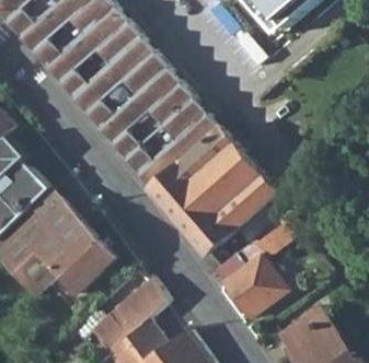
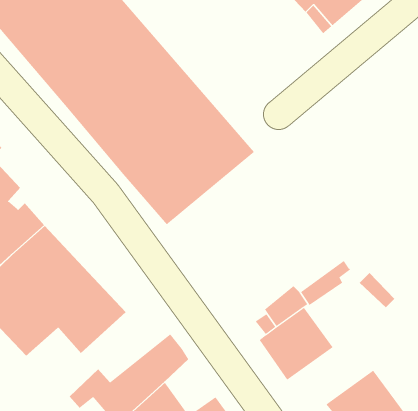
building: [150,128,287,254] -> none

